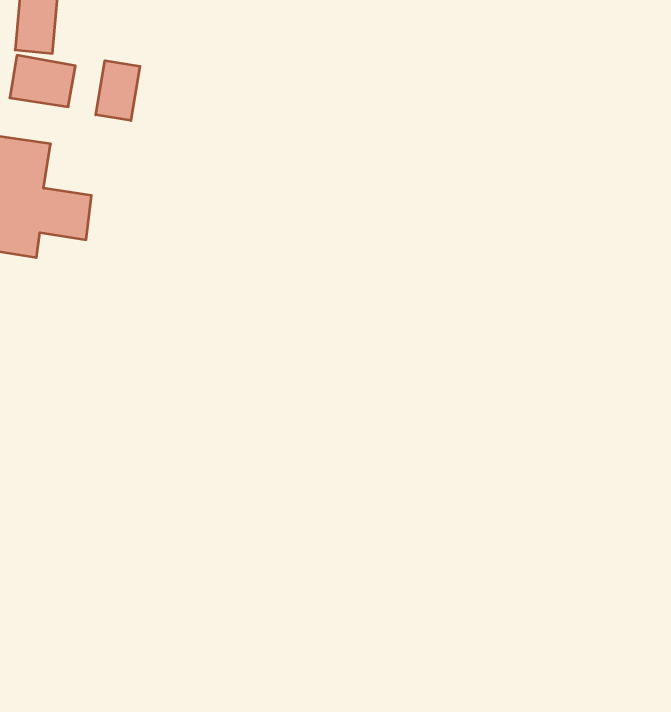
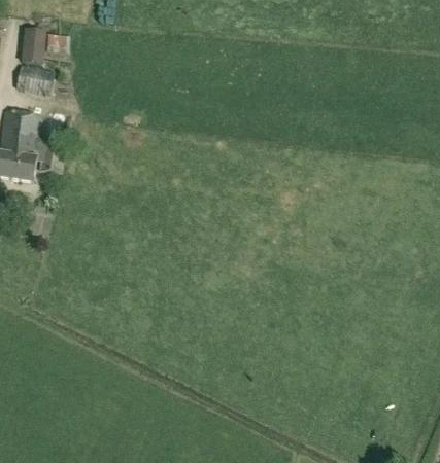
building: [96,61,140,121] -> none

